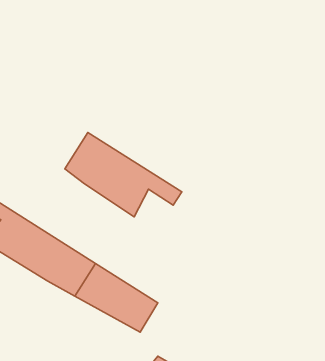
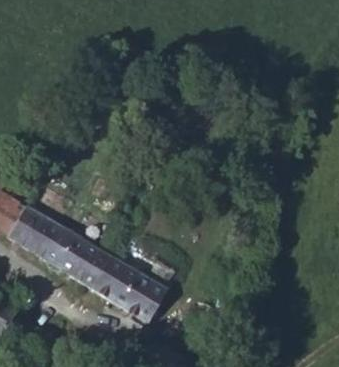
building: [65,132,182,217] -> none

